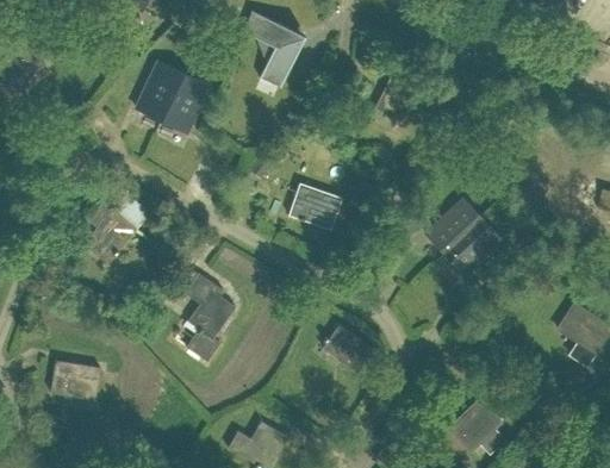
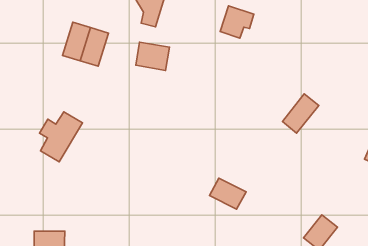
building: [288,182,342,230] -> [136,42,169,70]
building: [427,199,484,255] -> none
building: [186,274,236,361] -> none

